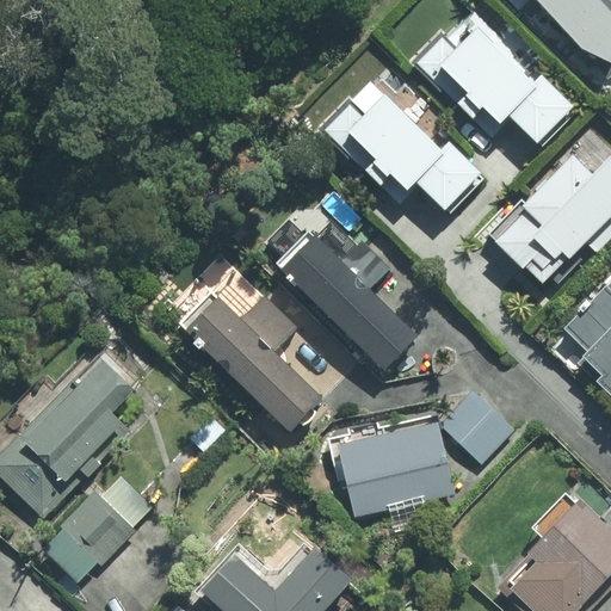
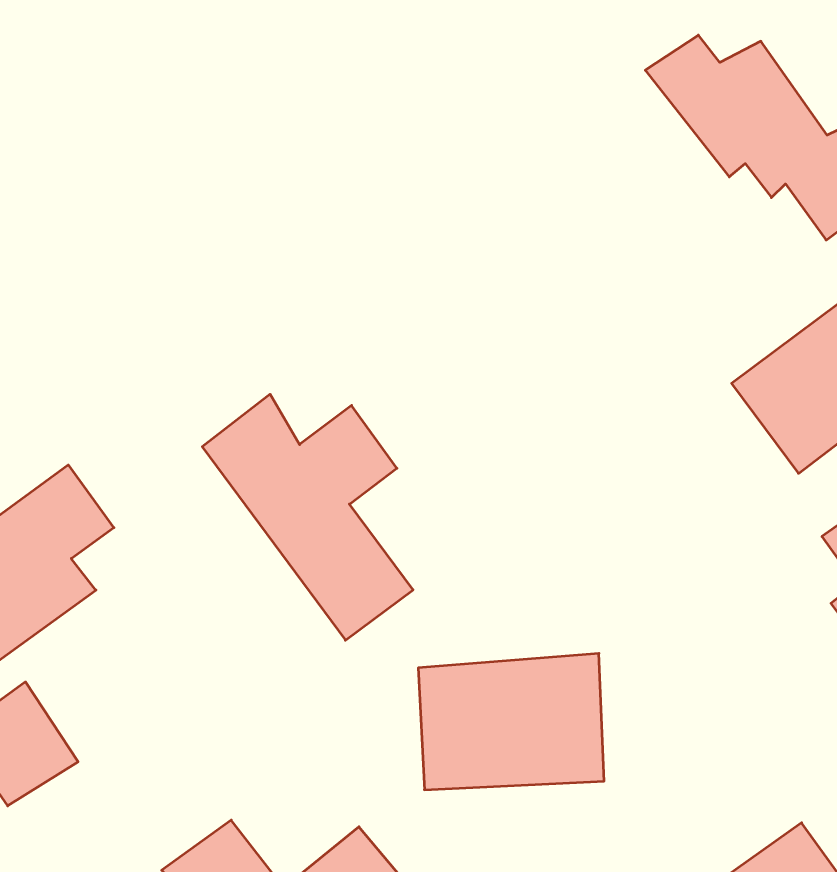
building: [325,94,486,212] -> none
building: [276,227,420,371] -> none
building: [442,383,518,458] -> none

